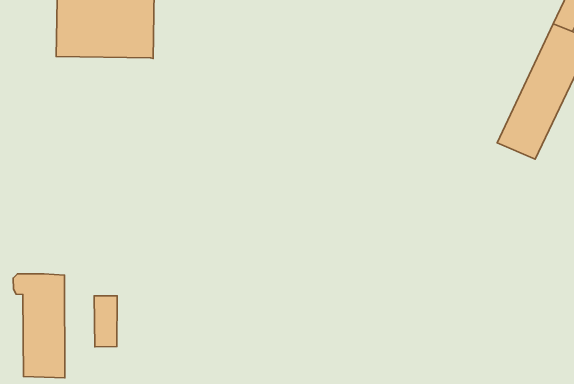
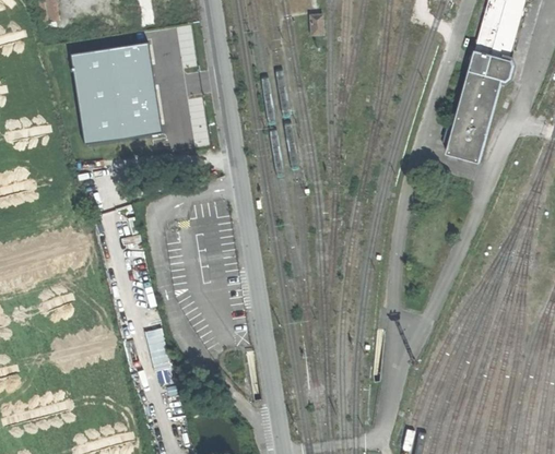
building: [13,274,65,378] -> none

